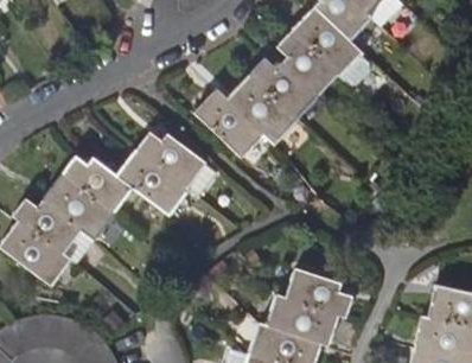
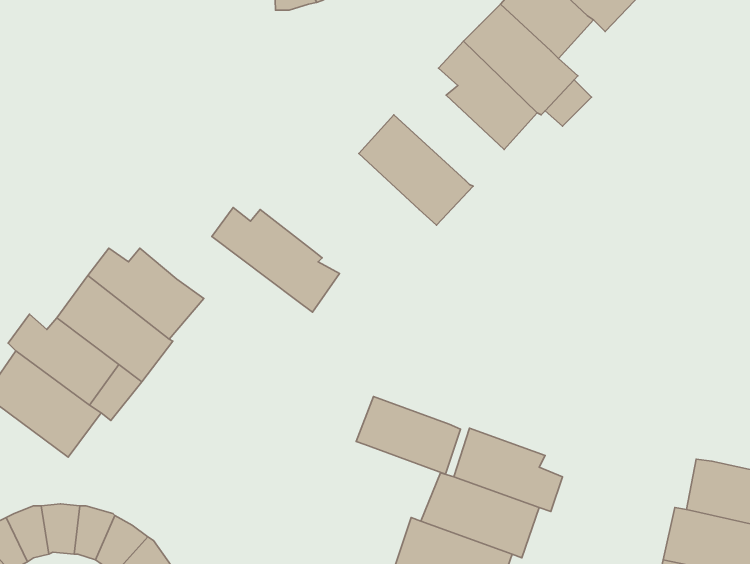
building: [249,59,317,117] -> none
building: [194,89,264,155] -> none
building: [116,149,190,215] -> none
building: none -> [356,396,460,474]

